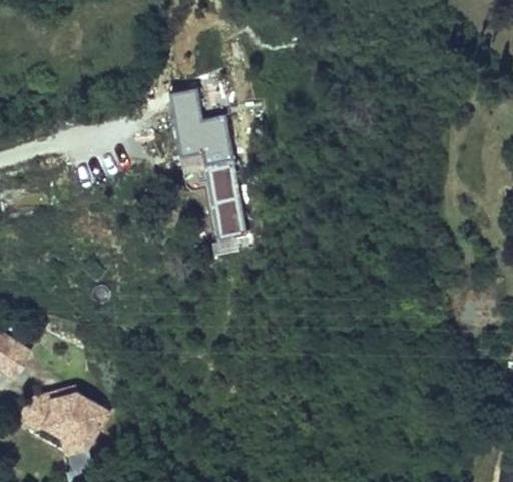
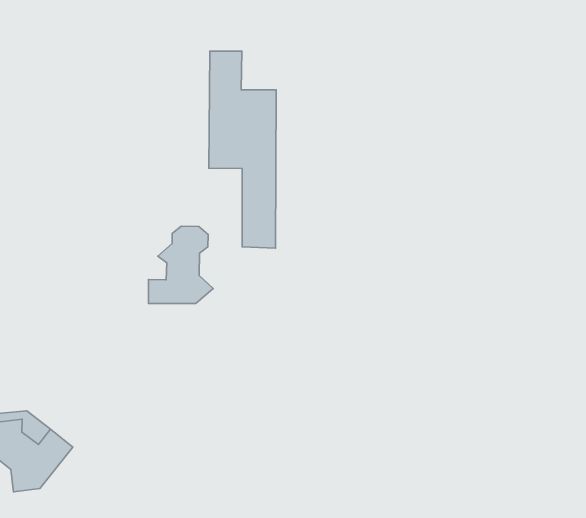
building: none -> [149,226,213,304]

